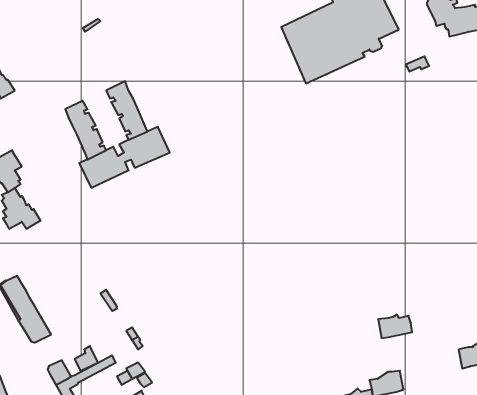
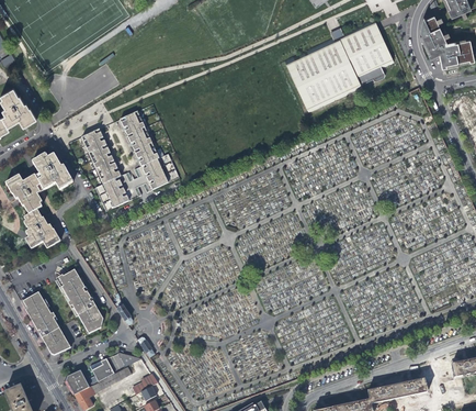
building: none -> [32,154,72,190]
building: none -> [59,268,103,331]
building: [378,315,412,338] -> [396,377,428,399]

